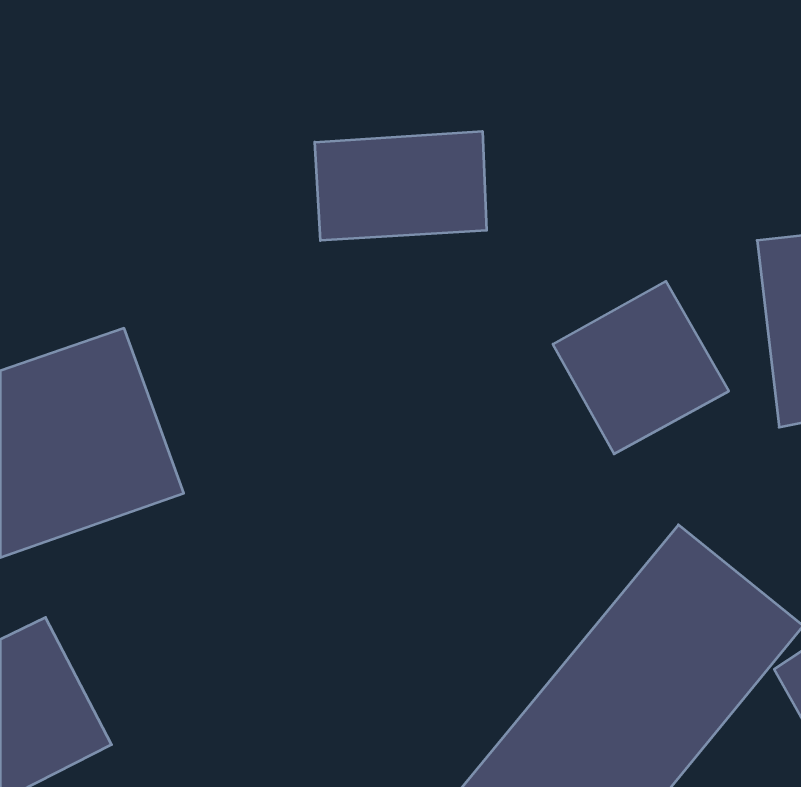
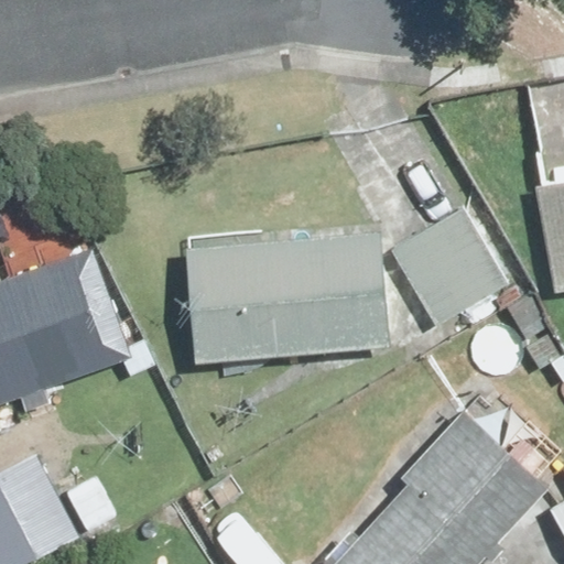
building: [315,131,487,241] -> none
building: none -> [186,238,388,376]

